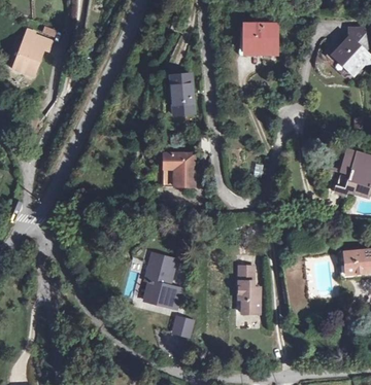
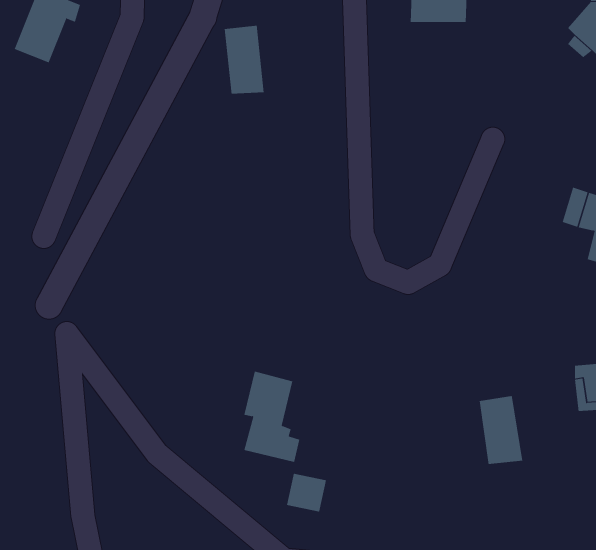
building: [169,73,193,113] -> [224,25,264,94]
building: [162,161,193,185] -> none
building: [238,266,259,313] -> none

